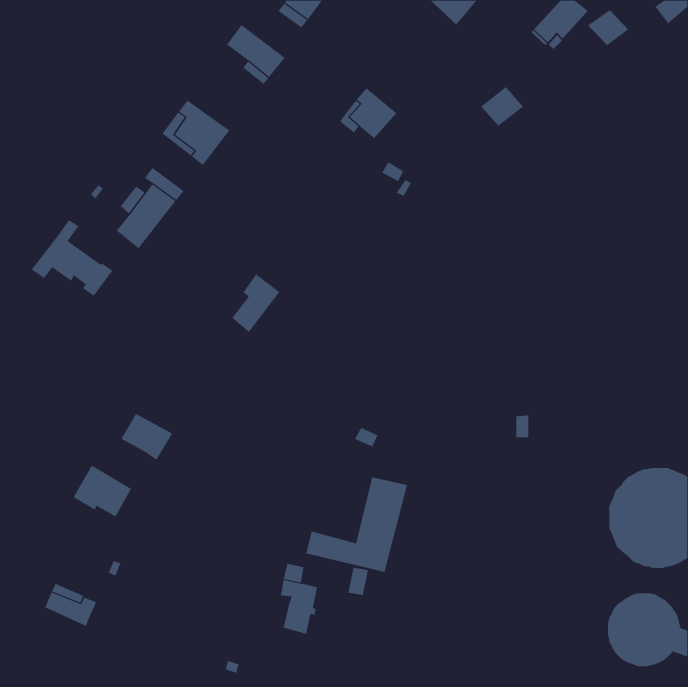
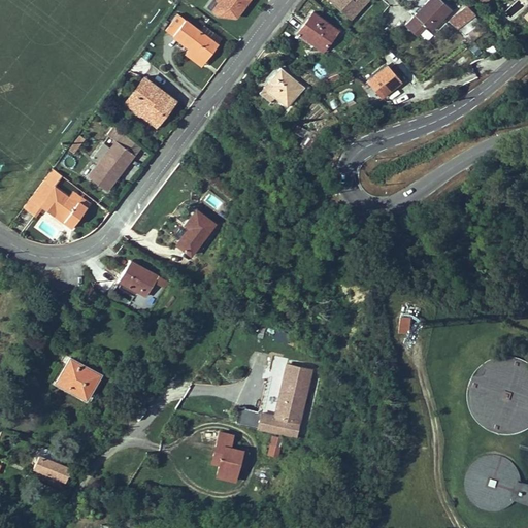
building: none -> [298,13,337,52]
building: [121,413,173,460] -> [119,261,159,297]

